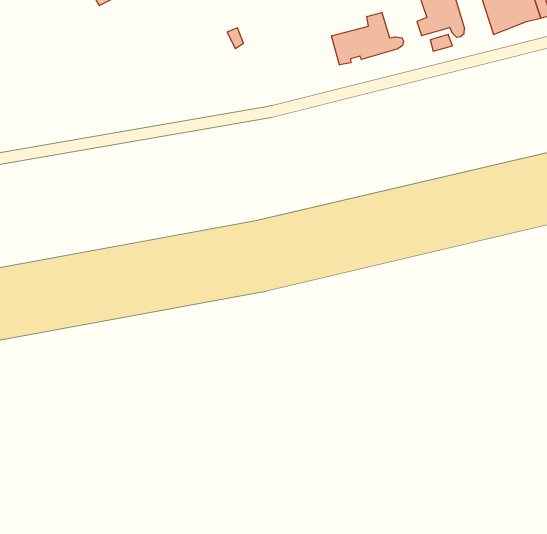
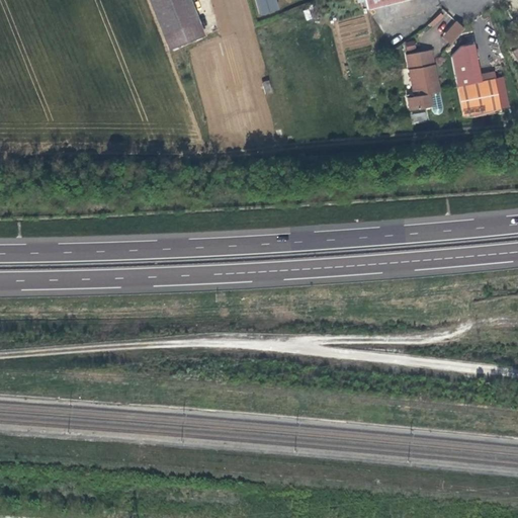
building: [331,12,403,65] -> none

